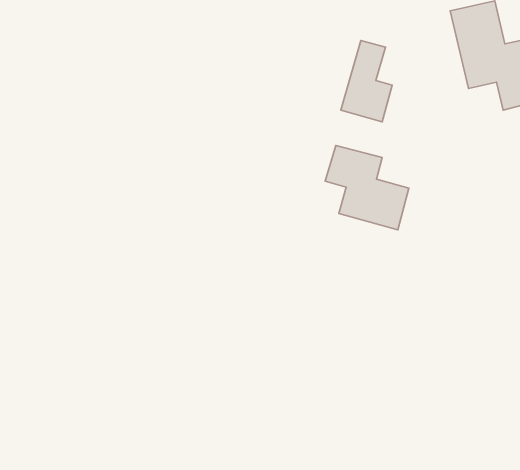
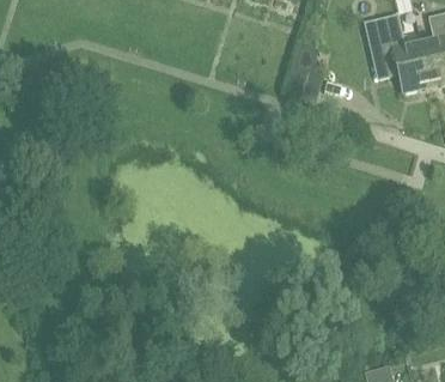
building: [325,145,409,230] -> none

